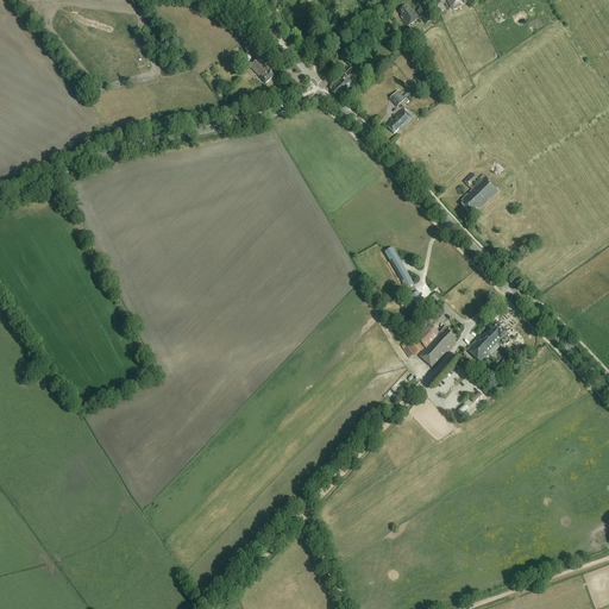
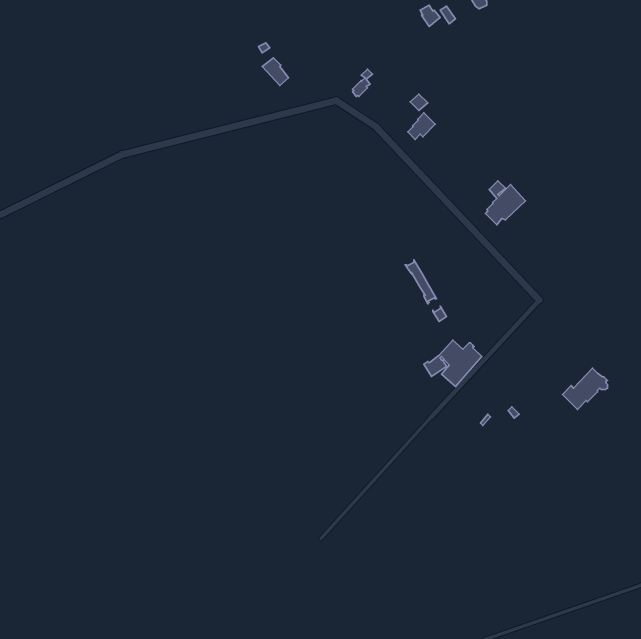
building: [466,322,509,362] -> [562,368,608,409]

